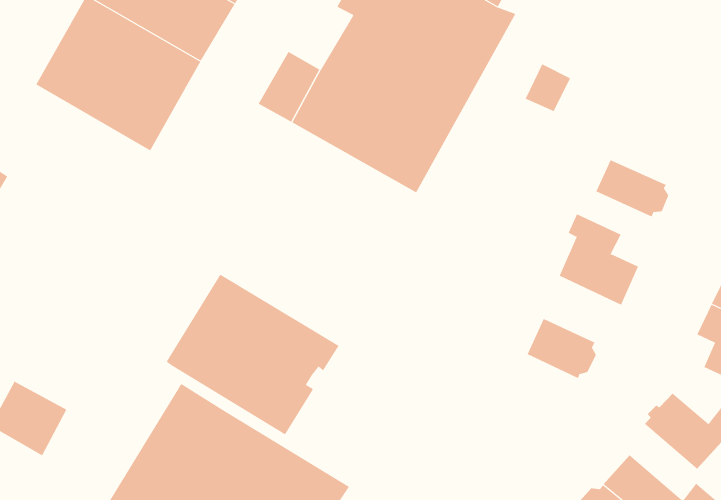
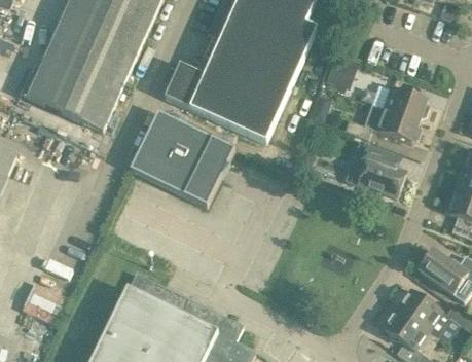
building: none -> [383,86,429,122]
building: [166,274,339,435] -> [130,112,234,207]
building: [527,318,597,379] -> none

